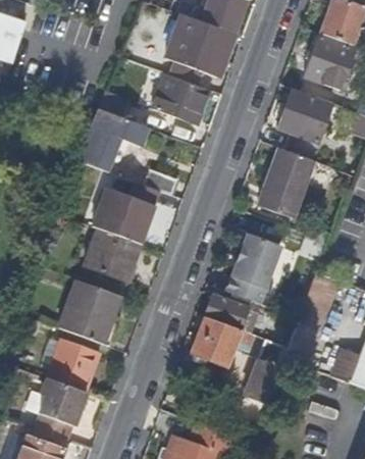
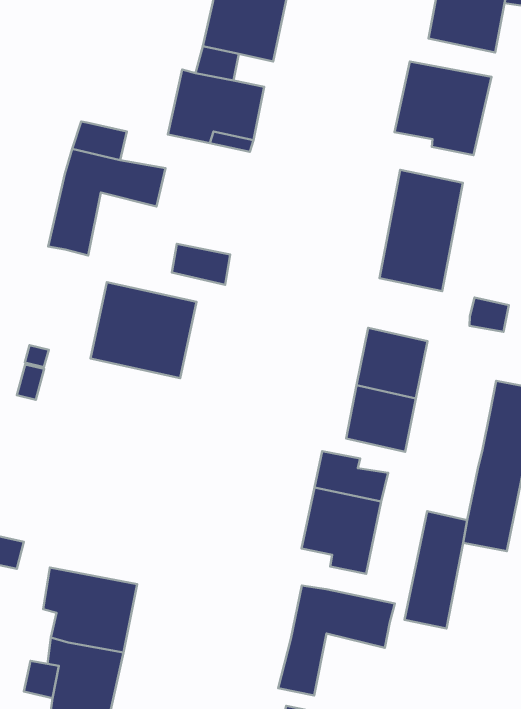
building: [86,231,141,282] -> none
building: [59,280,117,345] -> none
building: none -> [278,586,395,696]

